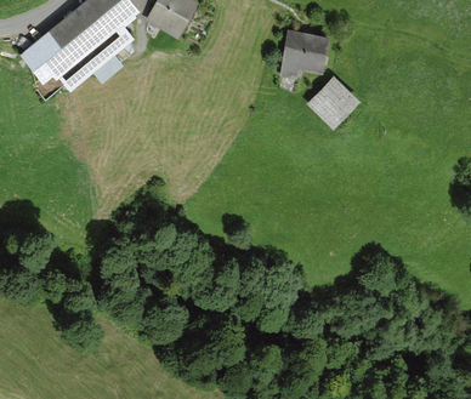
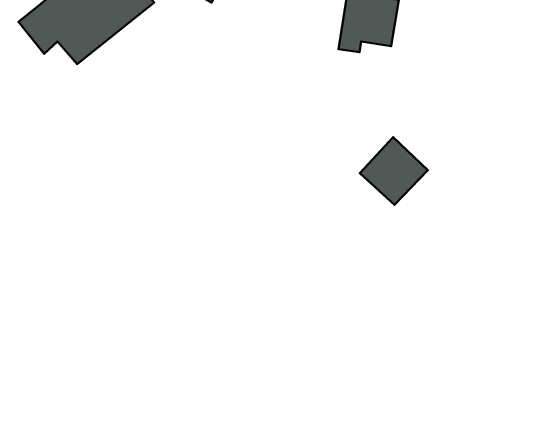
building: [305,75,359,130] -> [360,137,428,205]

